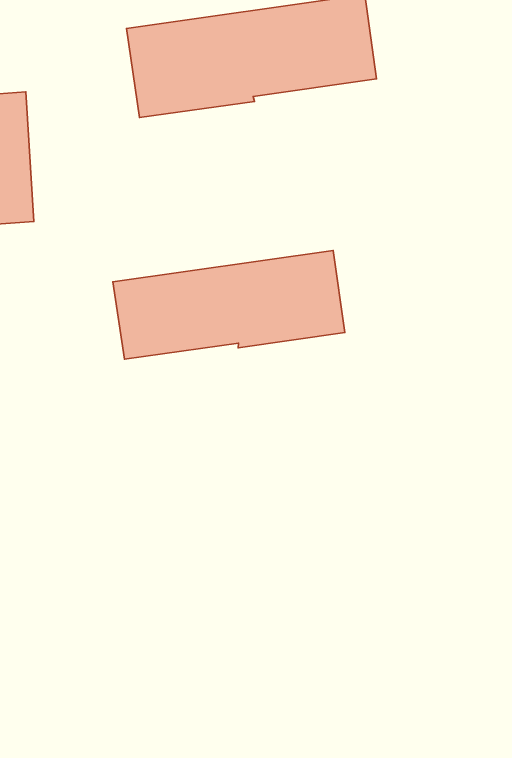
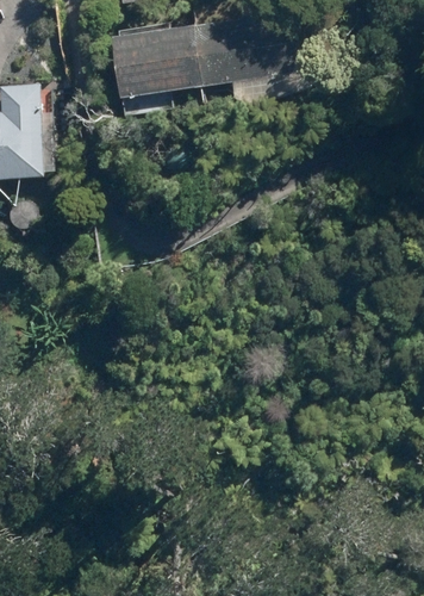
building: [113,250,345,359] -> none

